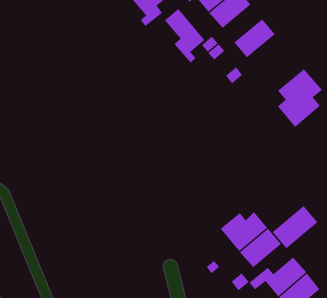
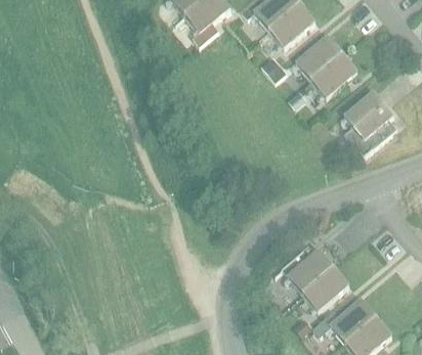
building: [164,8,205,63] -> none
building: none -> [311,53,358,97]
building: [272,205,318,249] -> none

